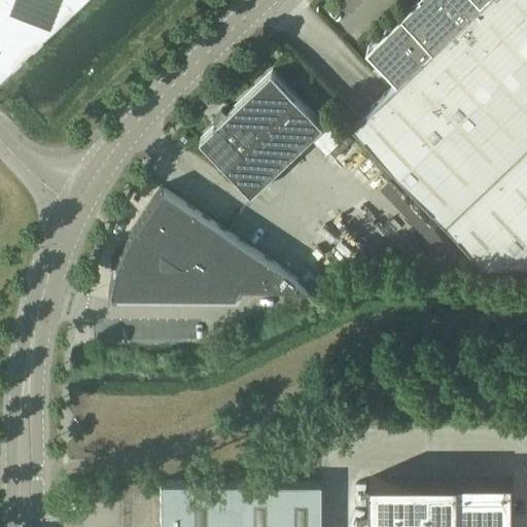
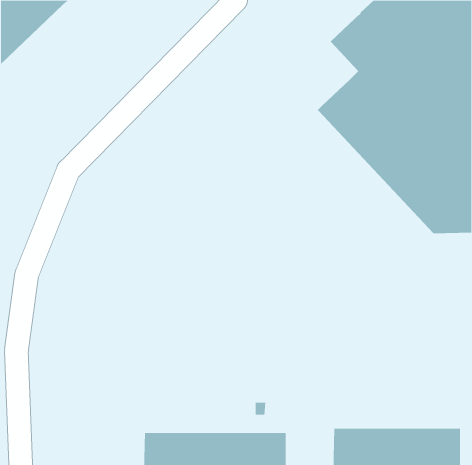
building: [201,77,324,201] -> none
building: [108,194,310,302] -> none

